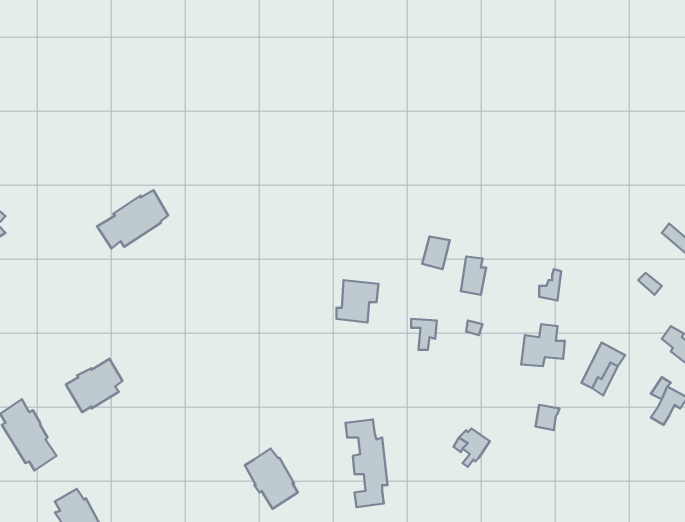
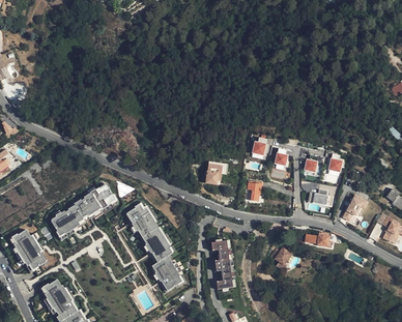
building: [97,190,168,249] -> [74,183,114,216]
building: none -> [126,205,170,262]

